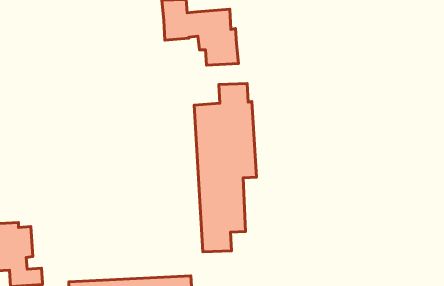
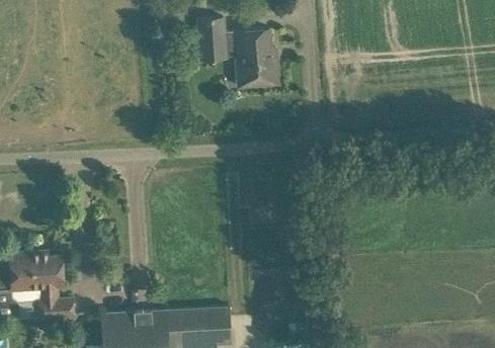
building: [194,83,256,252] -> none

